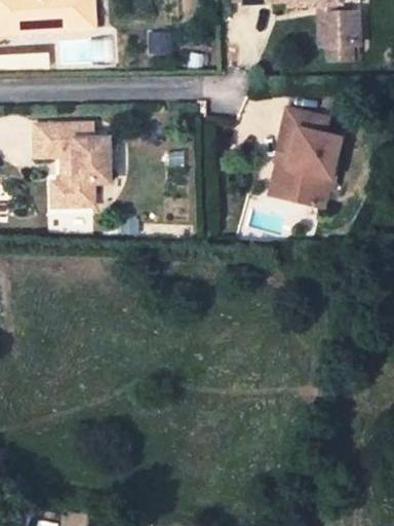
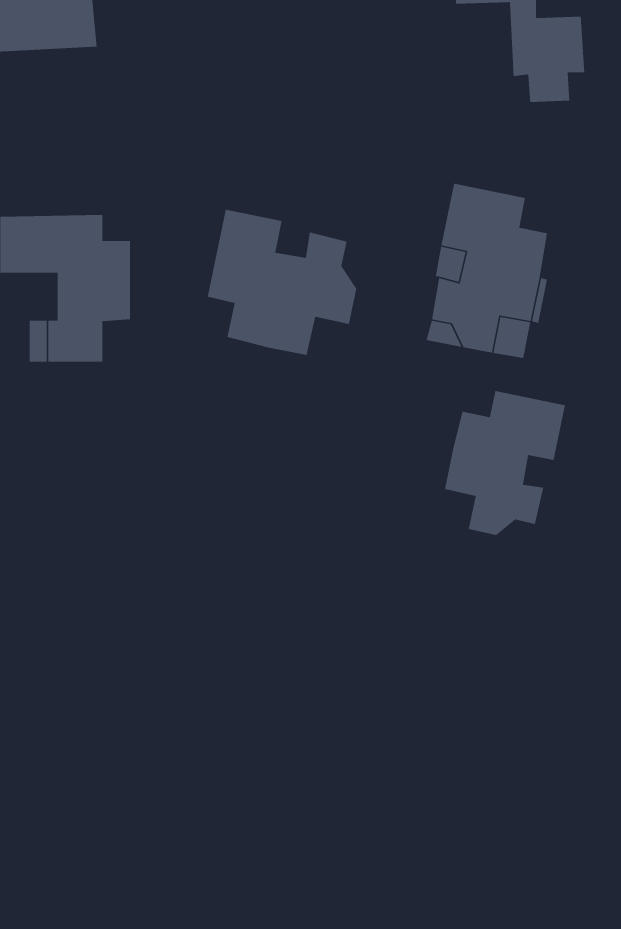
building: none -> [207,209,357,356]
building: none -> [444,390,566,536]

